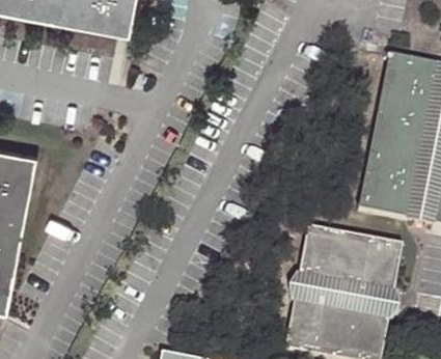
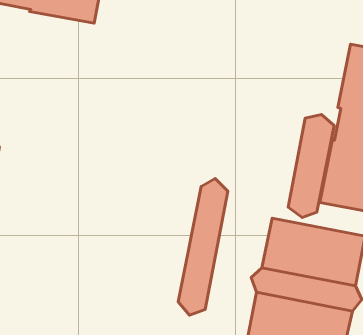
building: none -> [288,115,334,217]
building: none -> [178,179,228,315]

